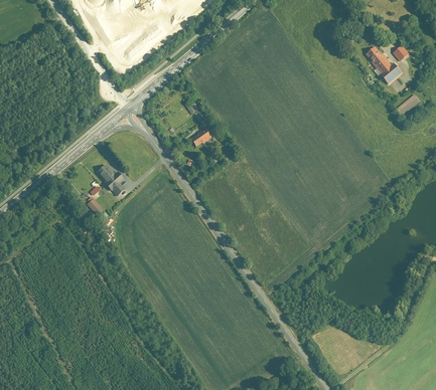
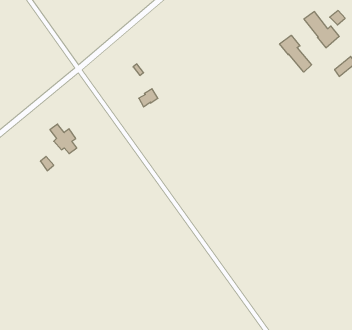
building: none -> [280,35,312,72]

